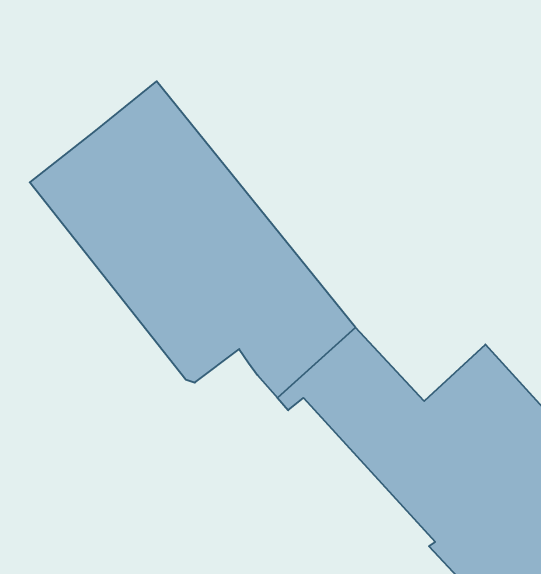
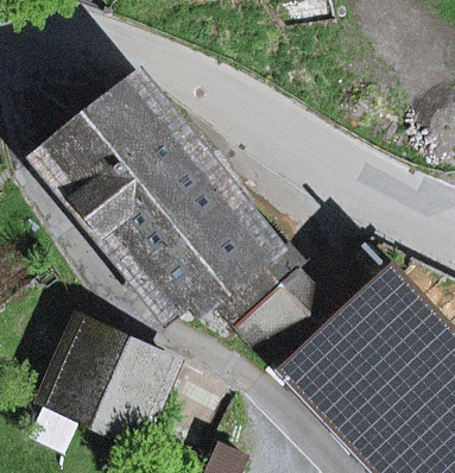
building: none -> [40,311,168,431]

